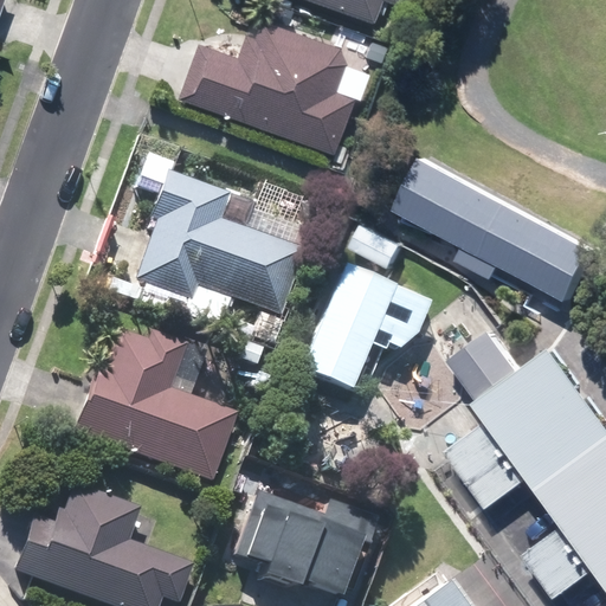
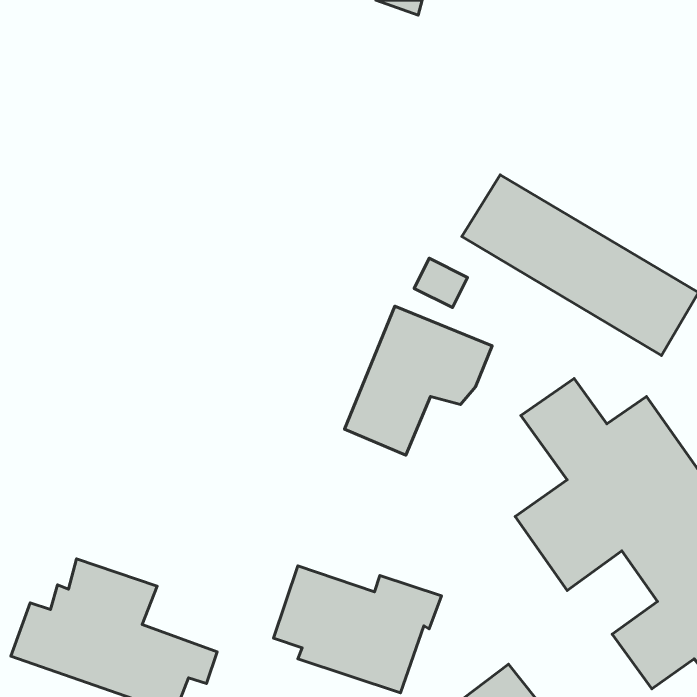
building: [193,26,346,142] -> none
building: [131,180,301,315] -> none
building: [70,328,232,476] -> none

